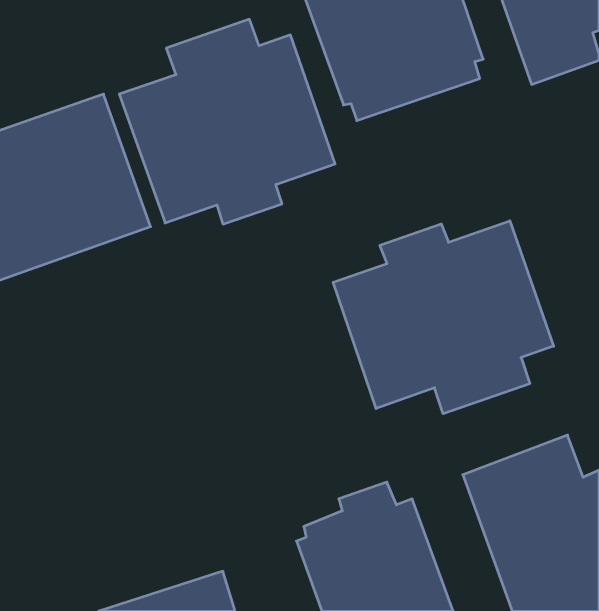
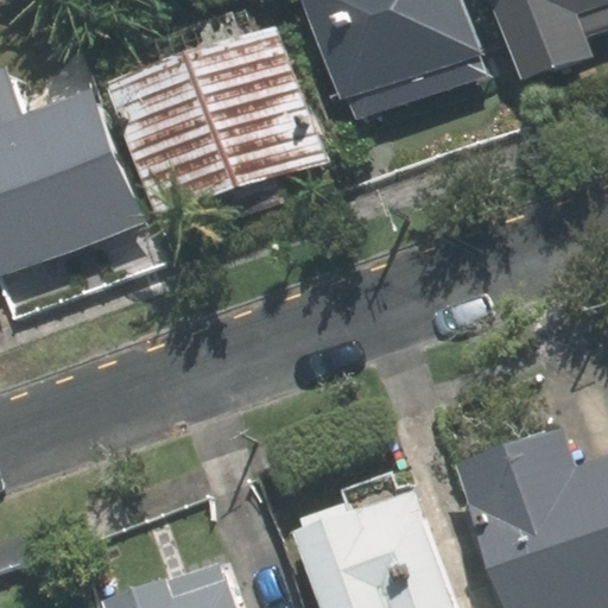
building: [333,221,554,414] -> none

